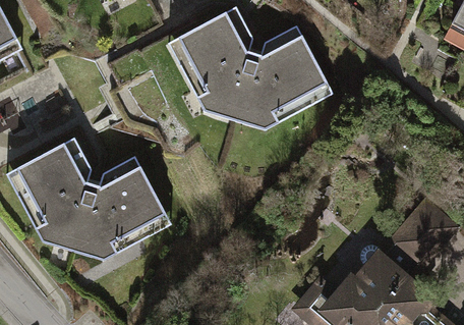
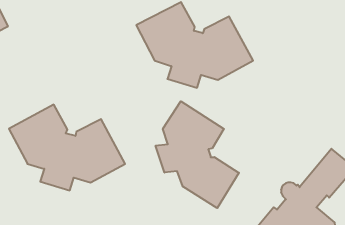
building: none -> [156,101,239,208]

